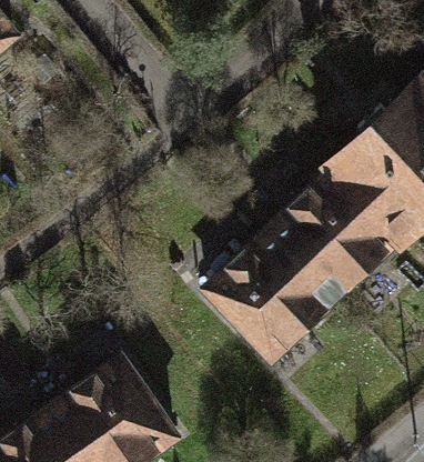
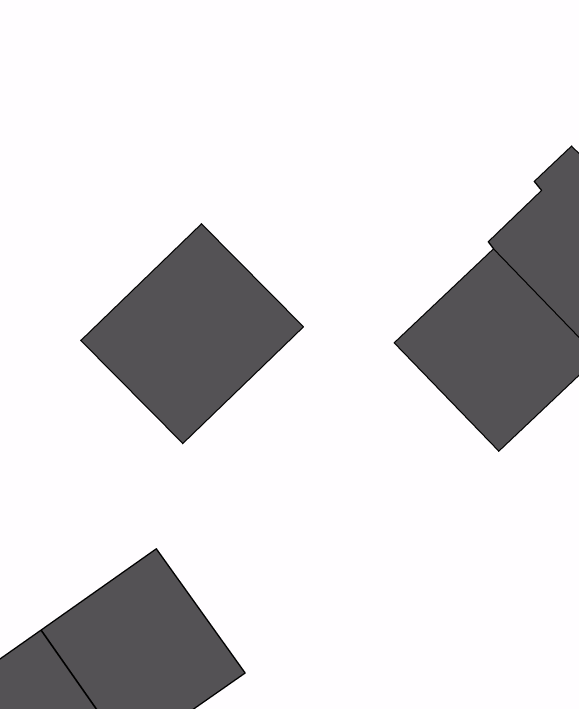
building: none -> [81,224,303,444]
building: [206,230,336,359] -> none

